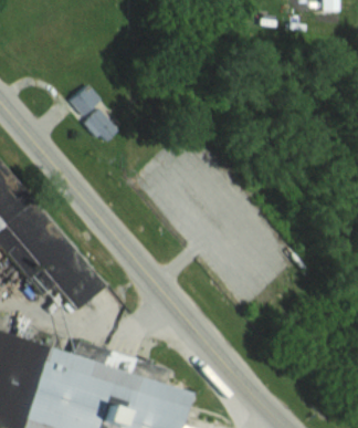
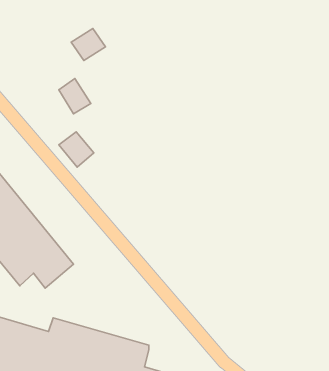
building: [67,81,101,112] -> [71,28,106,60]
building: none -> [59,132,94,167]

